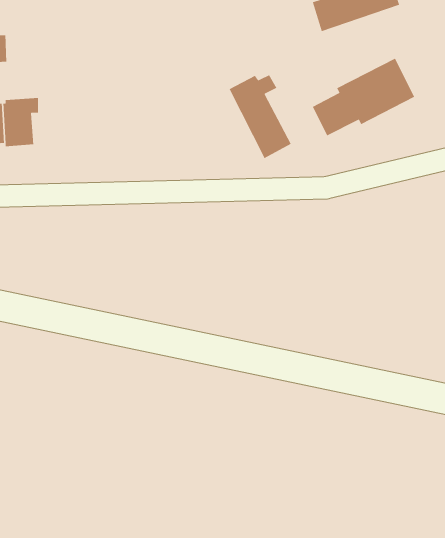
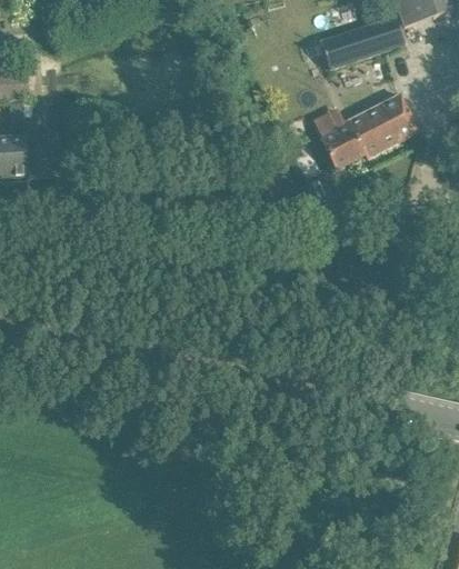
building: [229,74,292,159] -> none

